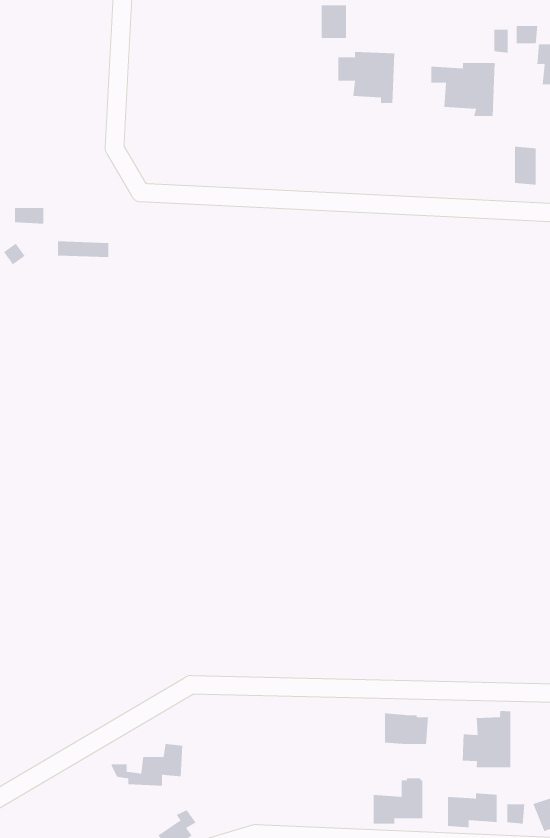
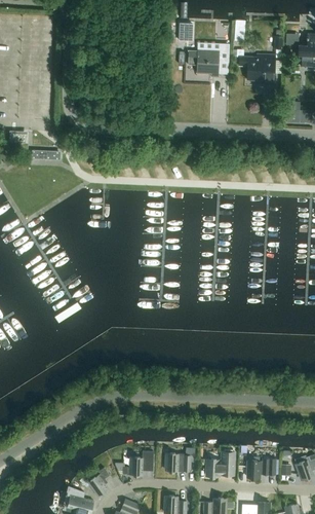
building: [462,710,511,768] -> none
building: [384,713,429,745] -> [166,453,191,471]
building: [111,744,183,786] -> [114,451,154,475]

